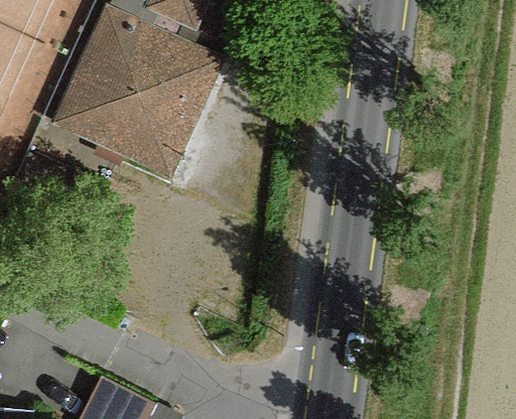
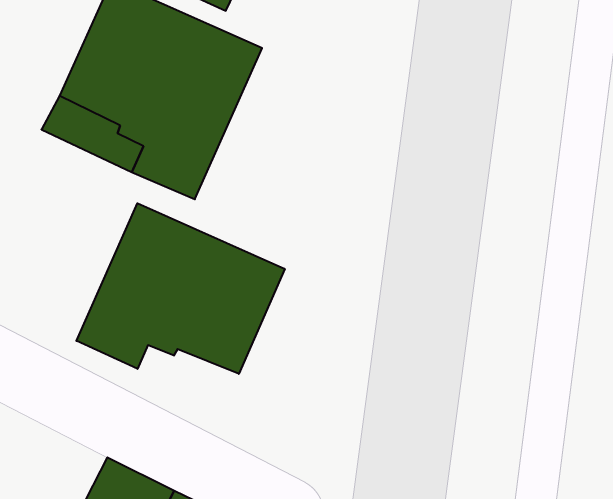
building: none -> [76,203,285,374]

